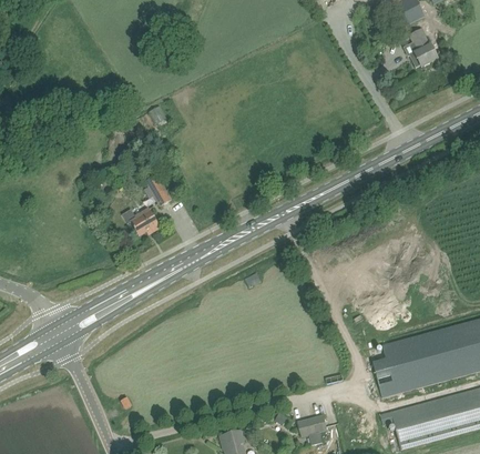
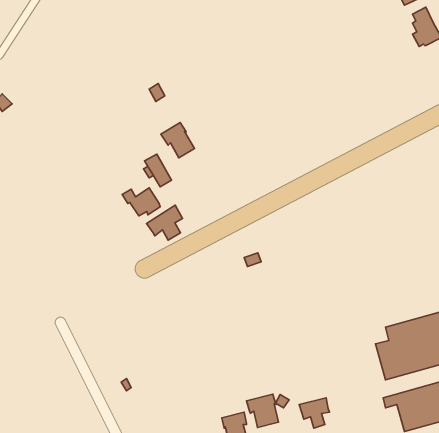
building: none -> [161,122,195,158]
building: none -> [147,205,183,240]
building: none -> [246,394,279,428]

